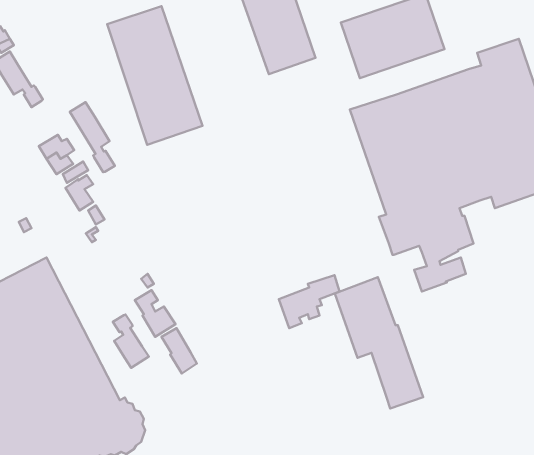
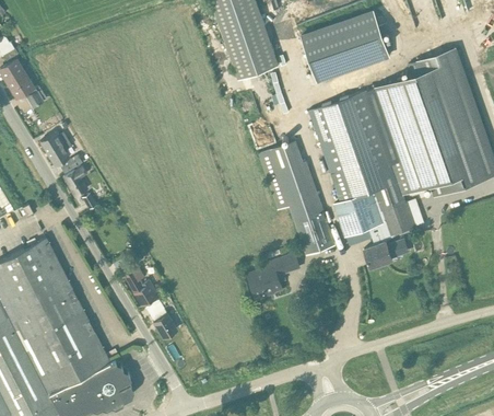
building: [107,6,203,145] -> none
building: [70,102,115,172] -> none
building: [335,277,423,408] -> [258,141,334,255]
building: [113,314,149,368] -> none

